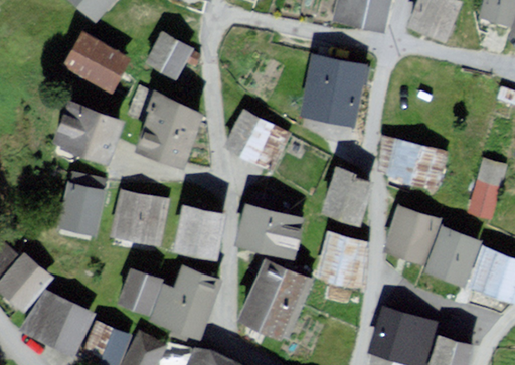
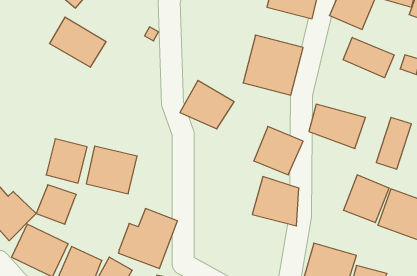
building: [137,26,182,73] -> none
building: none -> [343,37,394,78]
building: [129,95,202,172] -> none
building: [50,99,125,165] -> none
building: [169,204,224,262] -> none
building: [381,204,439,264] -> none
building: [235,205,306,261] -> none
building: [233,258,314,343] -> none
building: [114,268,163,317] -> [36,185,76,224]

